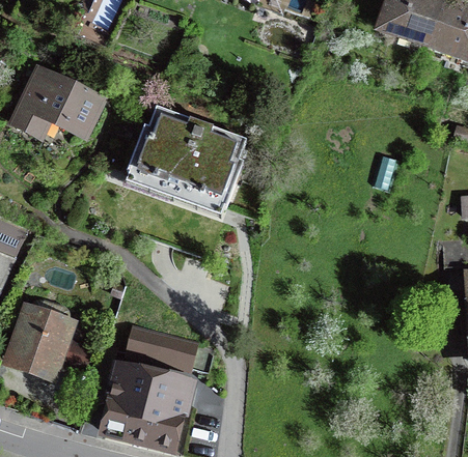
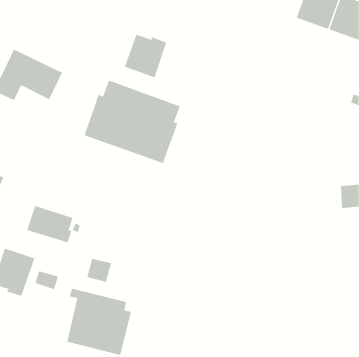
building: none -> [124,34,167,78]
building: none -> [27,205,73,243]
building: [153,333,213,370] -> none

